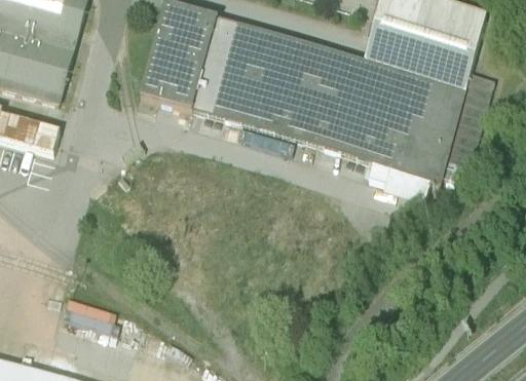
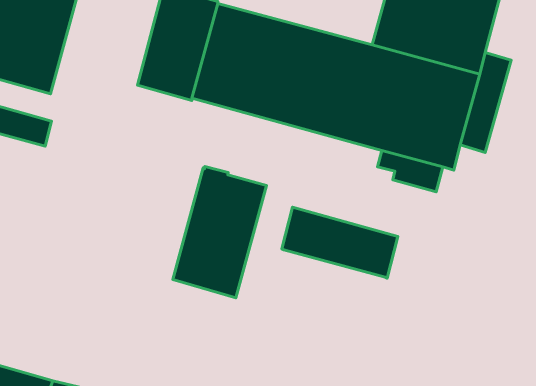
building: none -> [173,166,267,298]
building: none -> [282,207,398,278]

